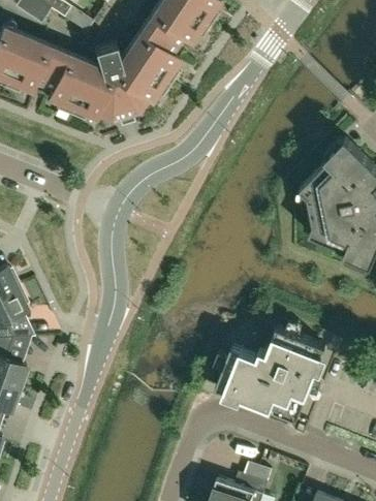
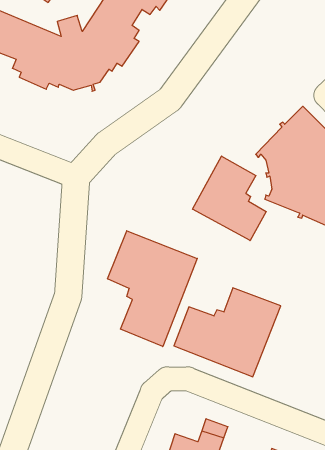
building: none -> [193,156,266,241]
building: none -> [108,231,197,347]

